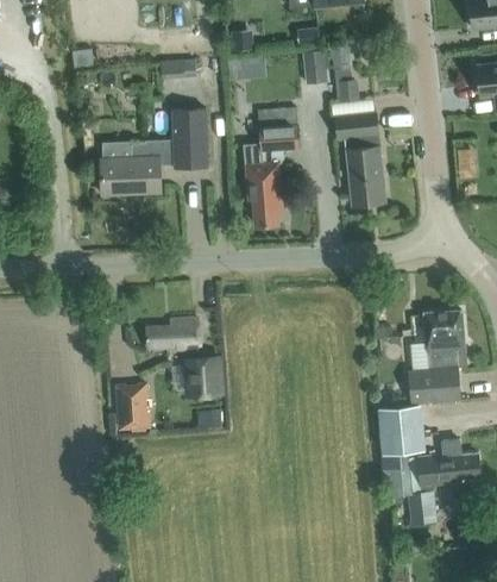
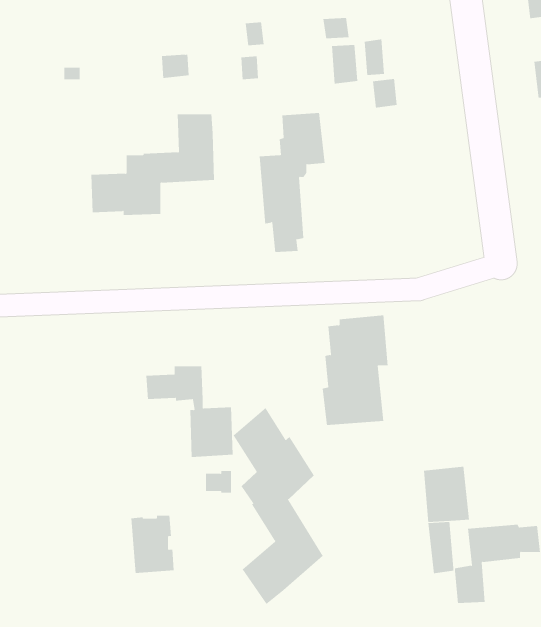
building: [335,114,385,207] -> none
building: [408,308,464,401] -> [322,315,388,425]
building: none -> [233,407,323,605]
building: [115,381,152,430] -> [131,515,175,573]

